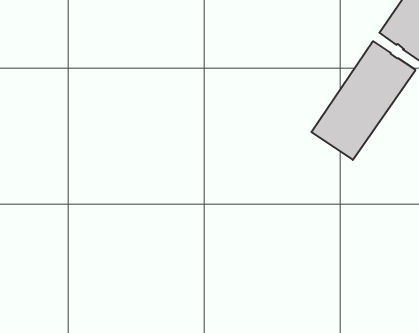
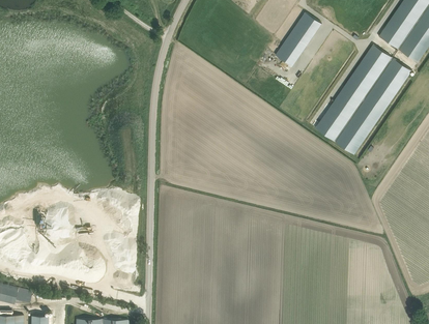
building: none -> [276,12,322,66]

